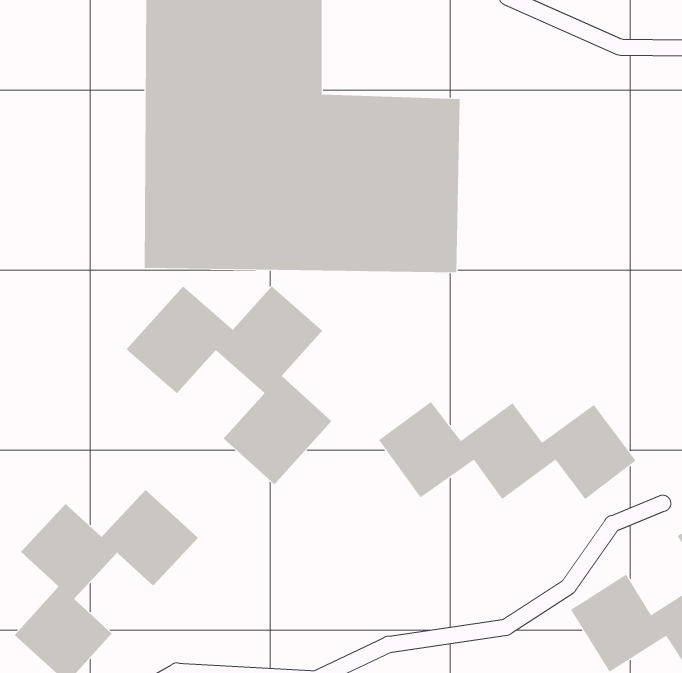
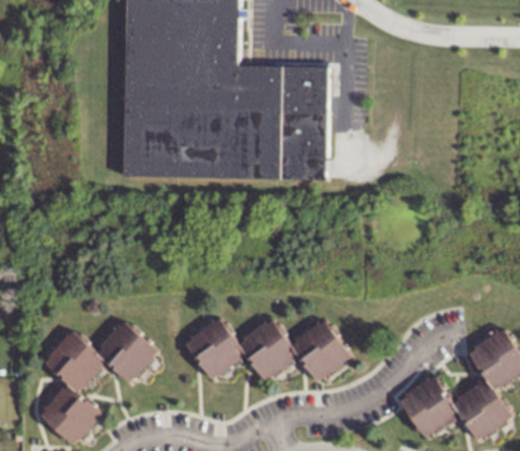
building: [125,285,332,485] -> none
building: [378,401,637,500] -> [184,317,351,381]

